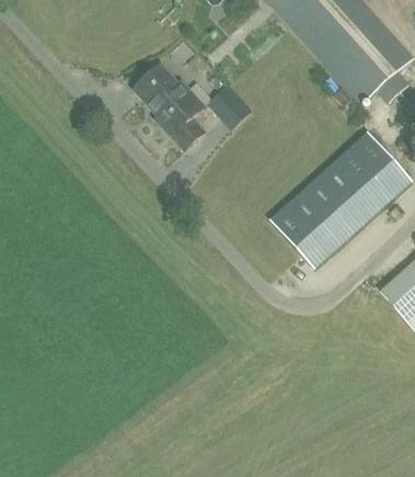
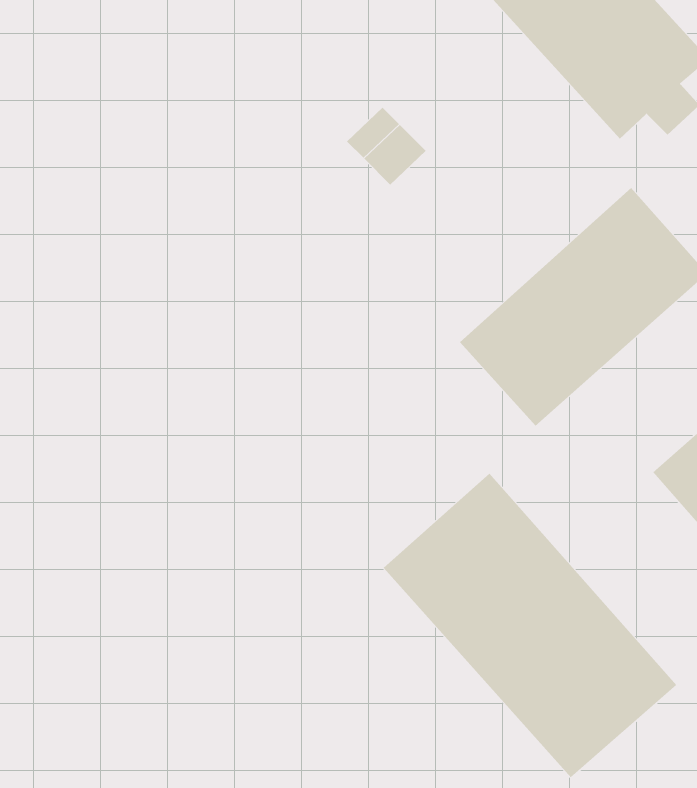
building: [135,66,205,150] -> none
building: none -> [383,473,677,778]

